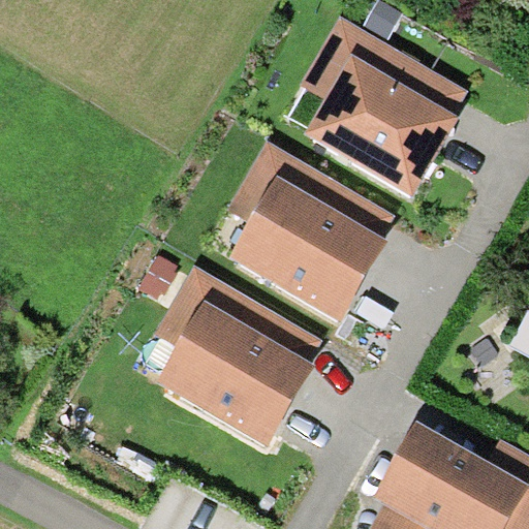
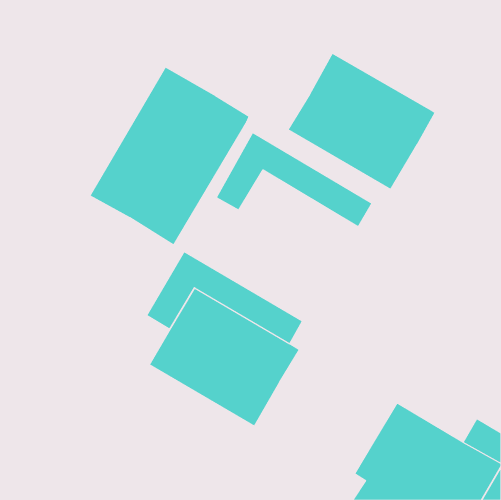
building: [301,17,467,116] -> none
building: none -> [90,67,249,245]
building: [229,179,385,322] -> none

